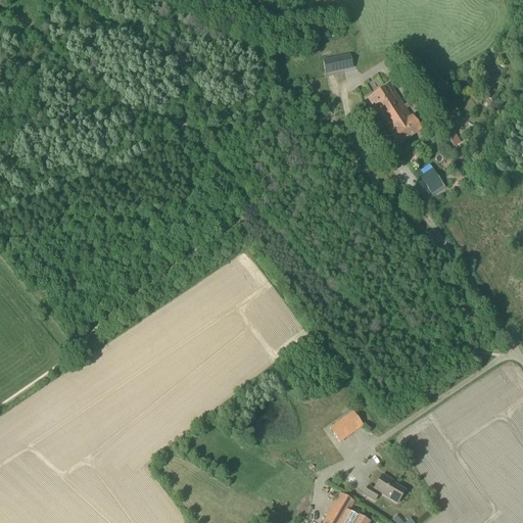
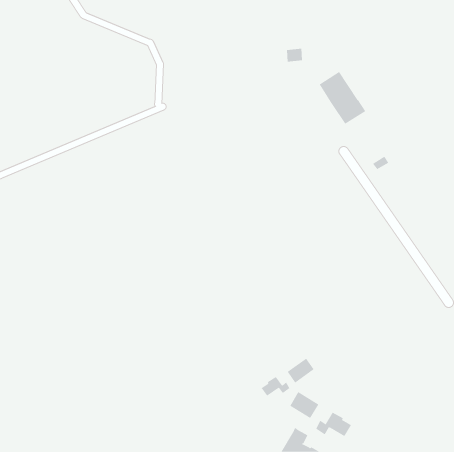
building: none -> [261,376,290,397]
building: none -> [289,391,319,419]

